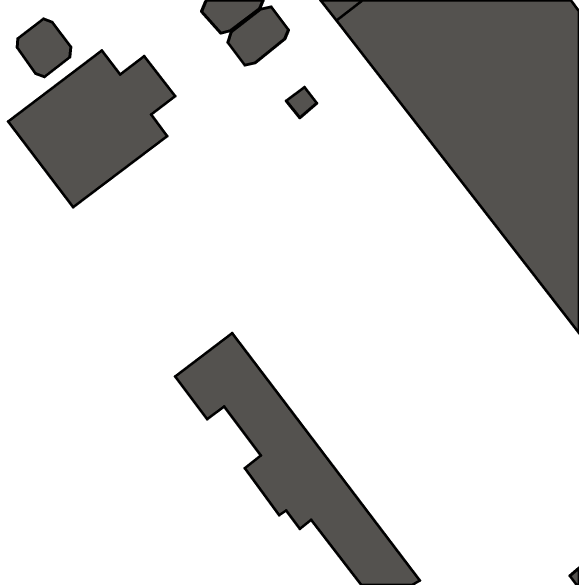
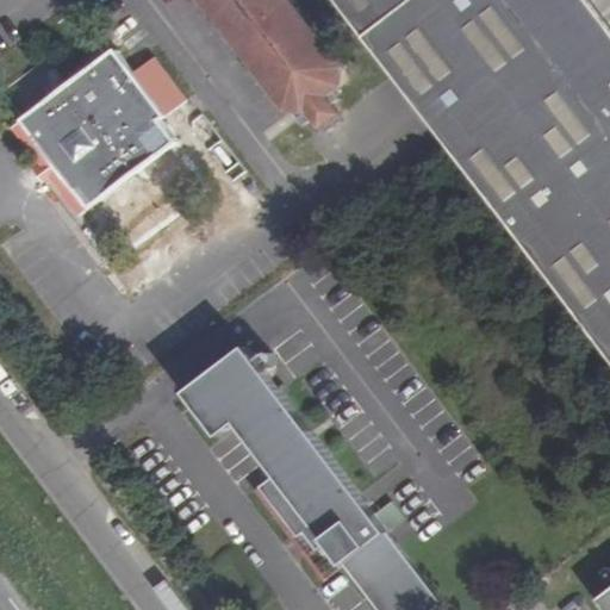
building: [17,19,71,77] -> none
building: none -> [262,41,328,100]

